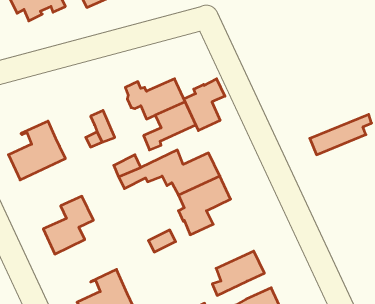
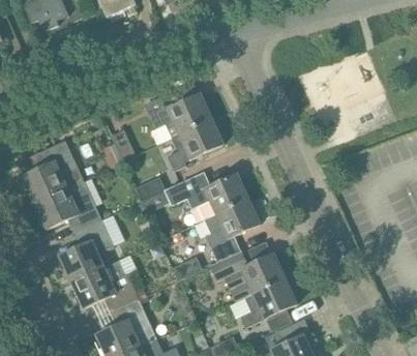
building: [184,79,225,131] -> none
building: none -> [34,180,100,234]
building: none -> [209,250,285,301]
building: none -> [71,267,138,313]

